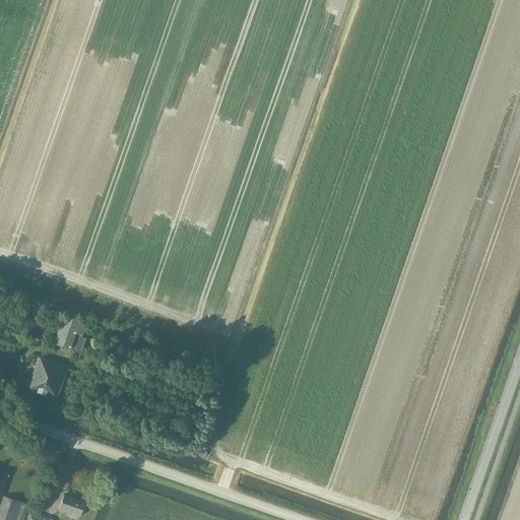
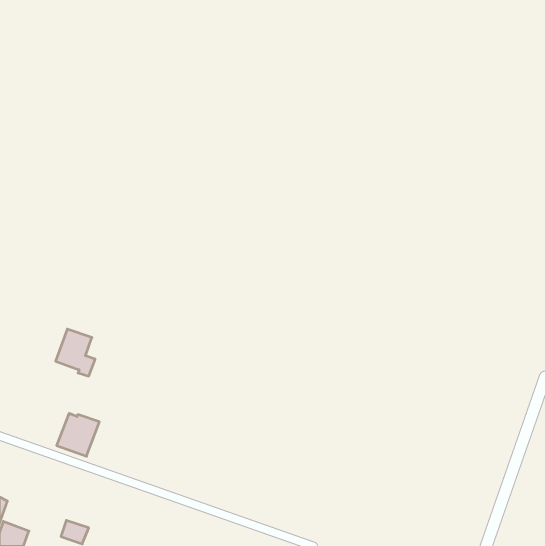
building: [27,358,68,398] -> [57,413,99,456]

